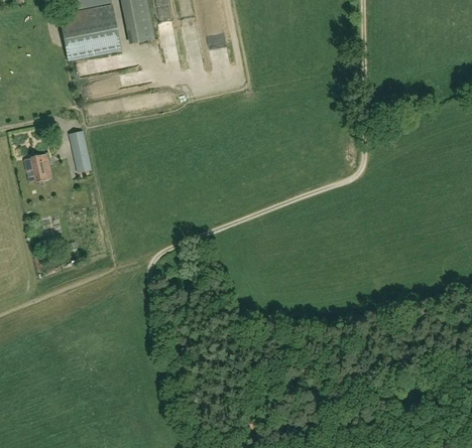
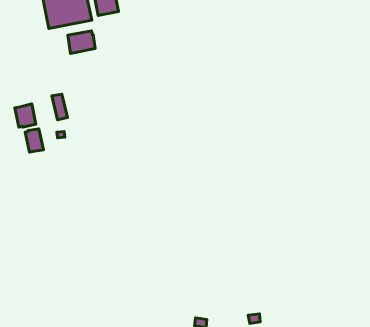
building: none -> [68,31,95,54]
building: none -> [25,129,43,152]

